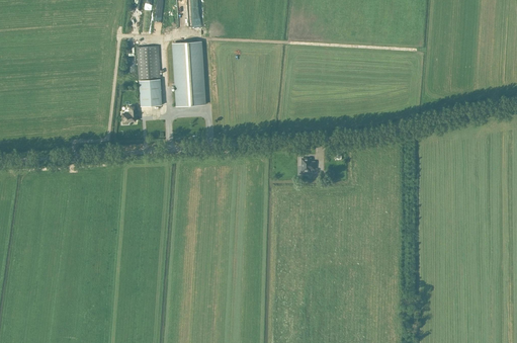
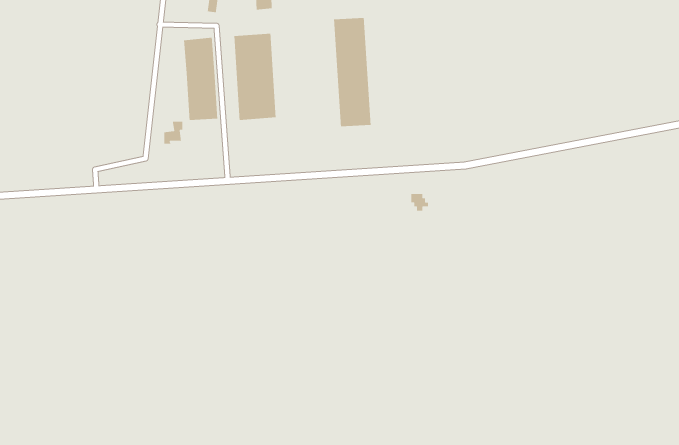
building: none -> [333,17,372,127]

